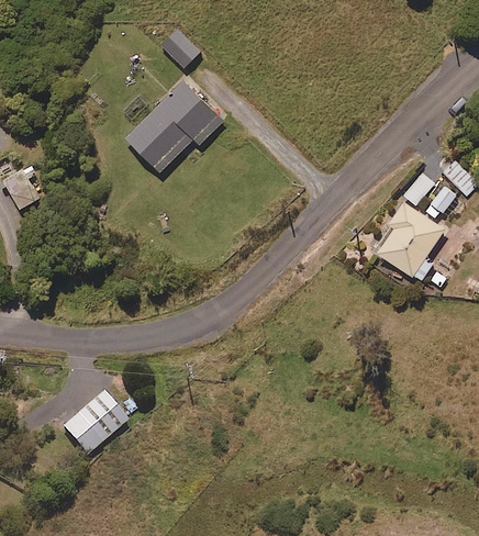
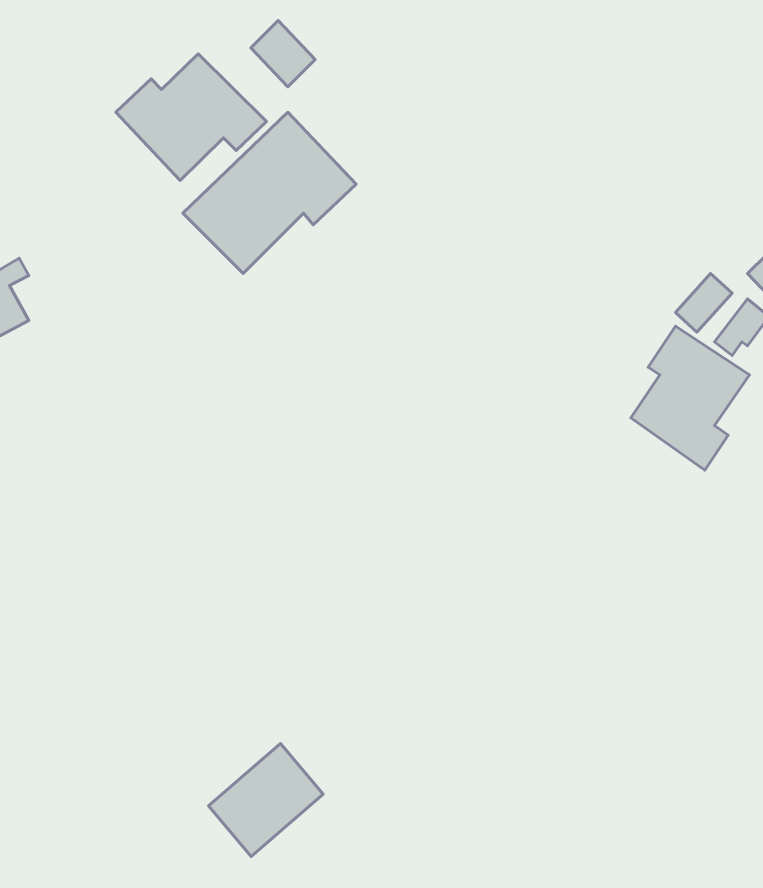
building: none -> [116,54,266,181]
building: [62,392,126,456] -> [208,744,323,856]

